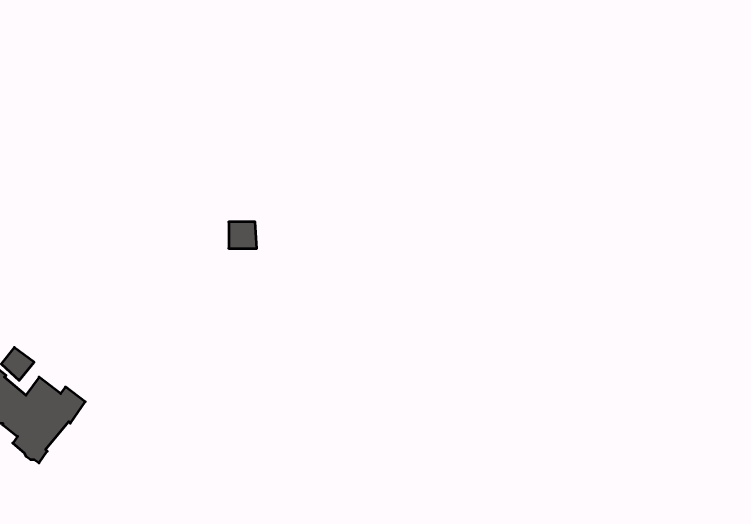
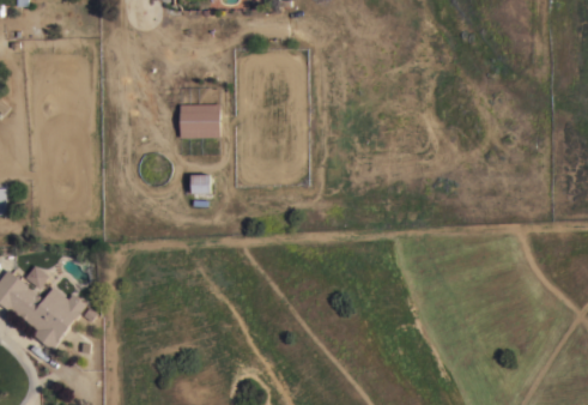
building: none -> [180,104,220,138]

